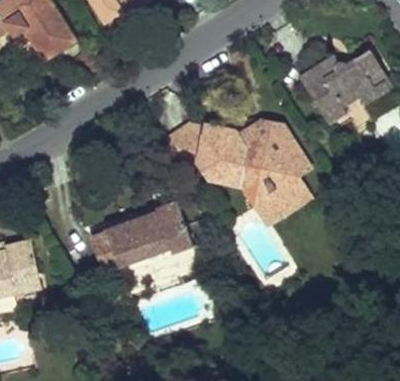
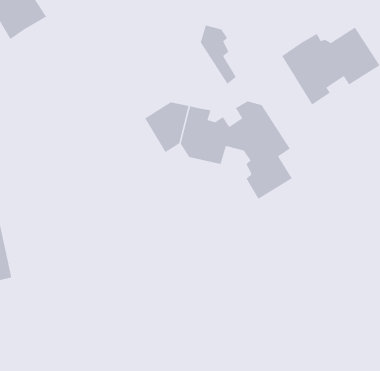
building: [240,165,276,222] -> [200,24,237,85]
building: [90,201,192,272] -> none

